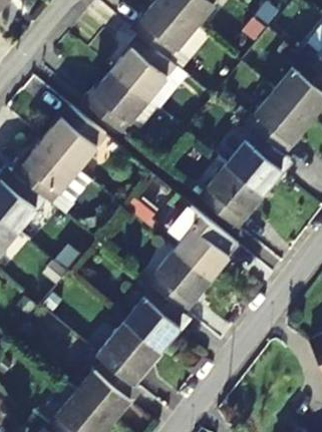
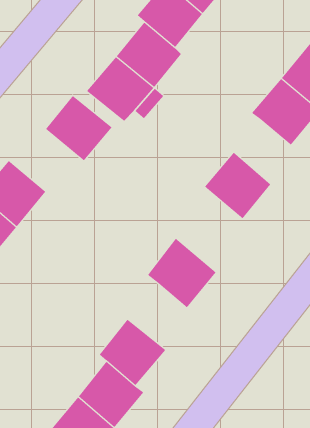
building: [226,128,288,190] -> none
building: [17,137,83,203] -> none
building: [164,195,237,275] -> none
building: [124,285,190,349] -> none

